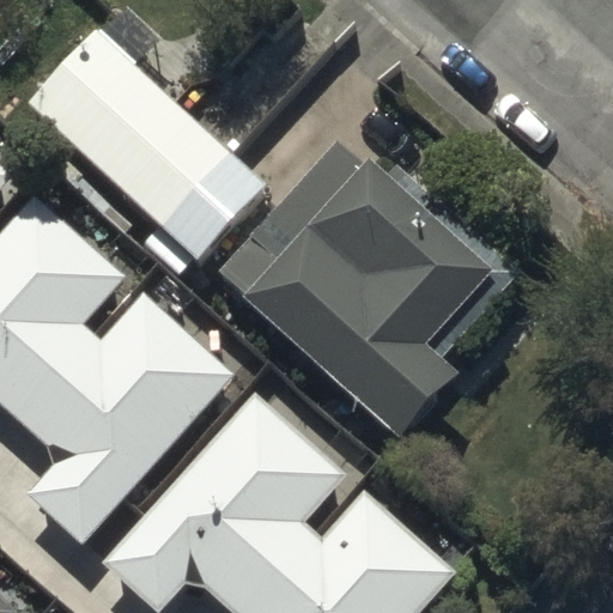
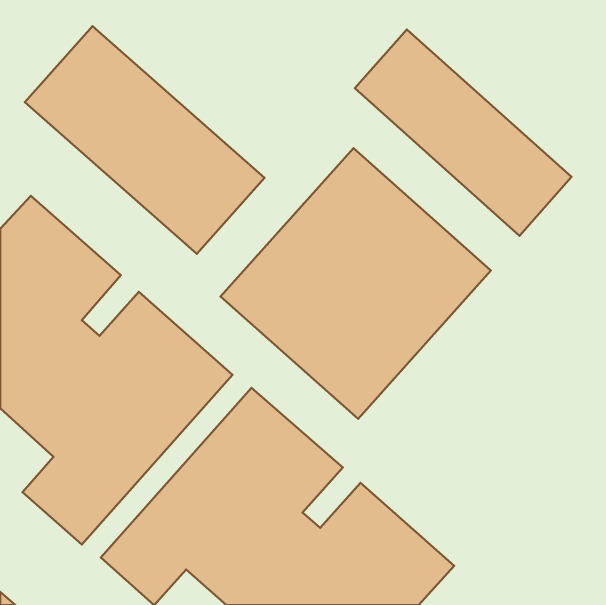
building: none -> [355,29,572,236]

